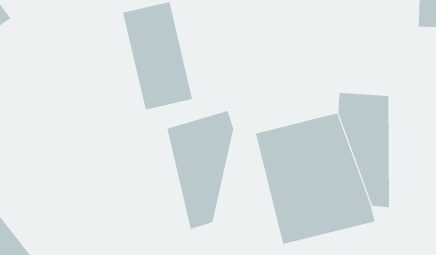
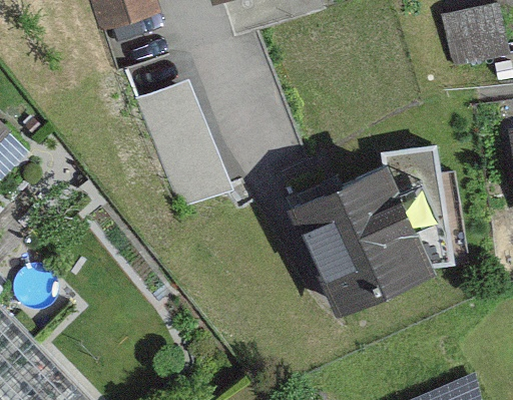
building: [167,110,234,230] -> none

